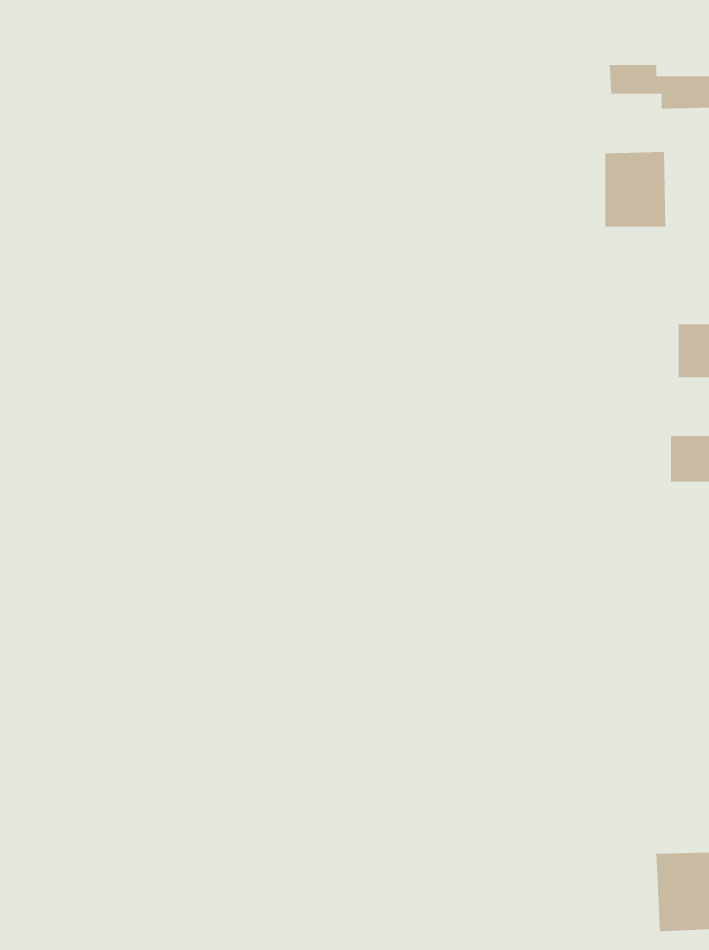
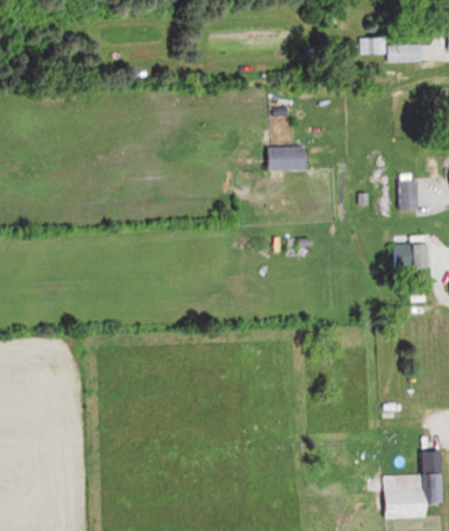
building: [605,151,666,228] -> none
building: none -> [271,146,309,170]

